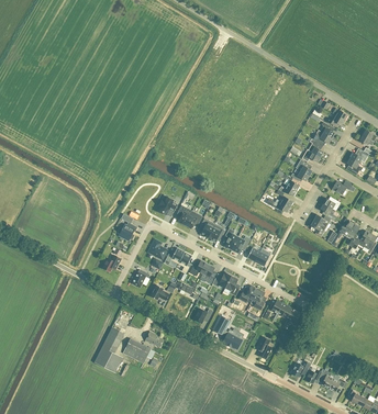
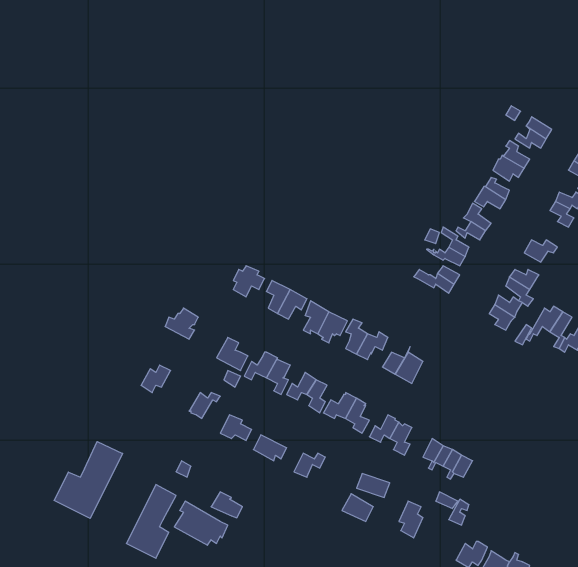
building: none -> [54,442,123,518]

